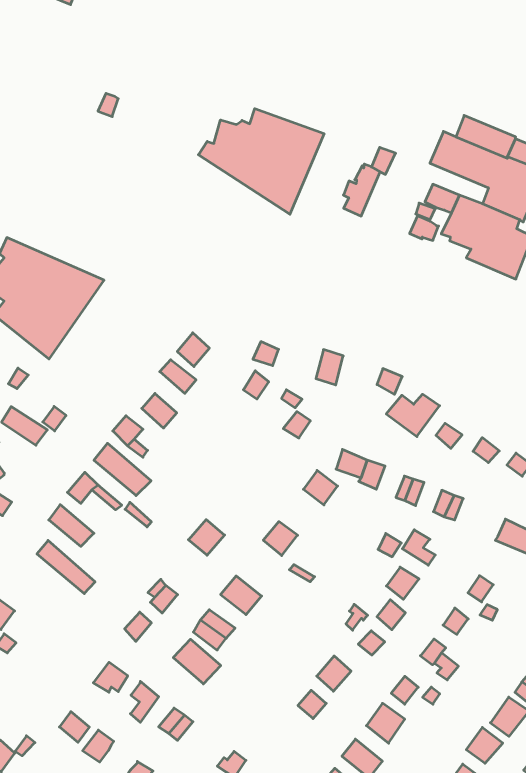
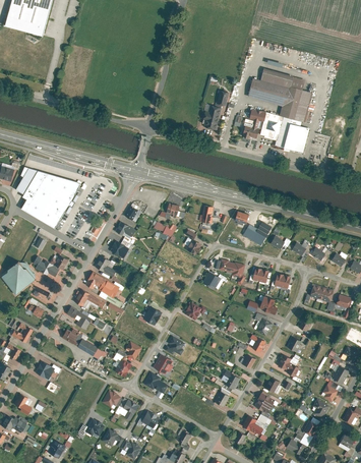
building: [198,109,324,214] -> none

